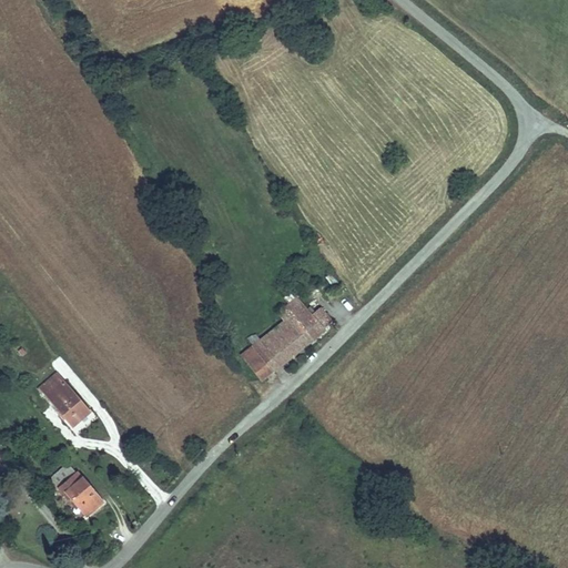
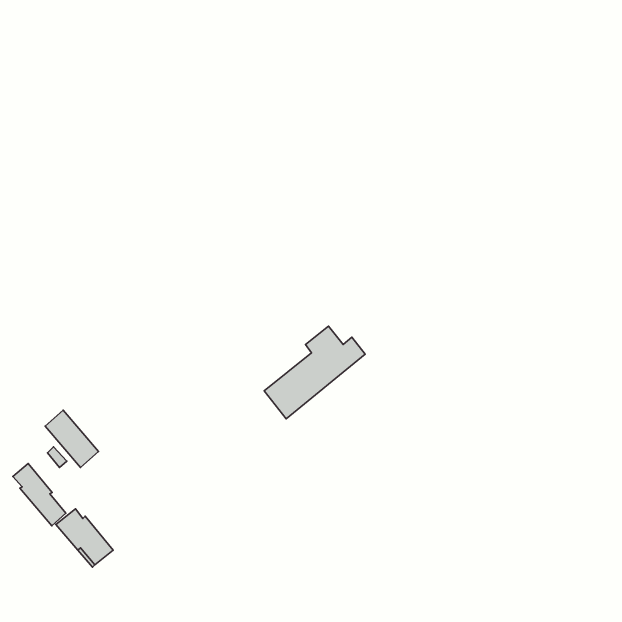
building: none -> [13,463,66,526]

